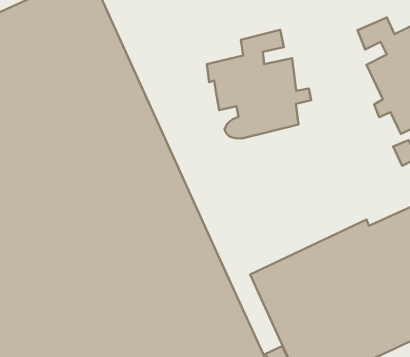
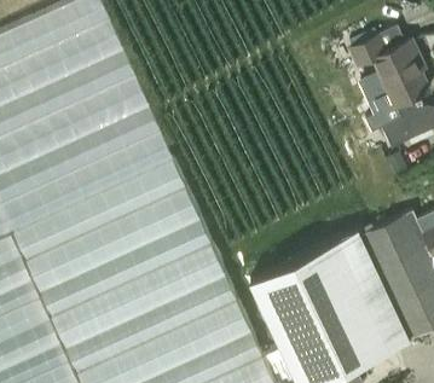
building: [207,30,311,138] -> none

